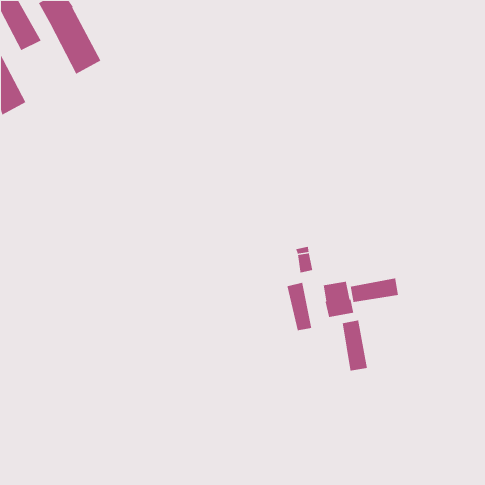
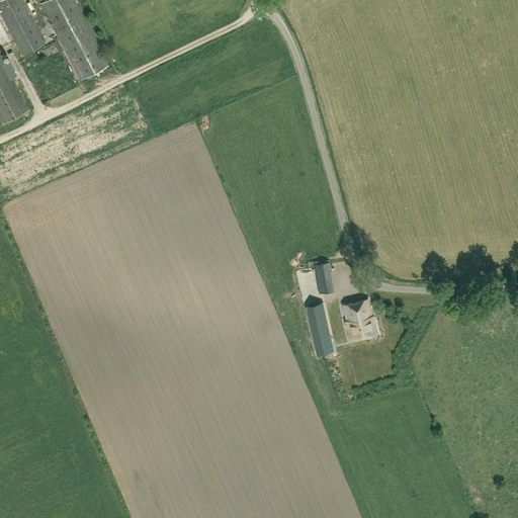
building: [350,278,399,303] -> none
building: [342,319,368,371] -> none

